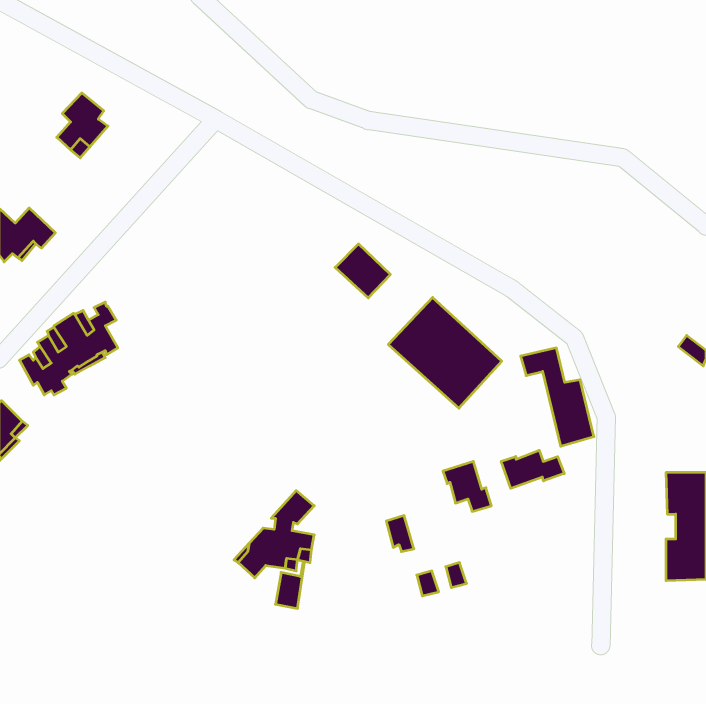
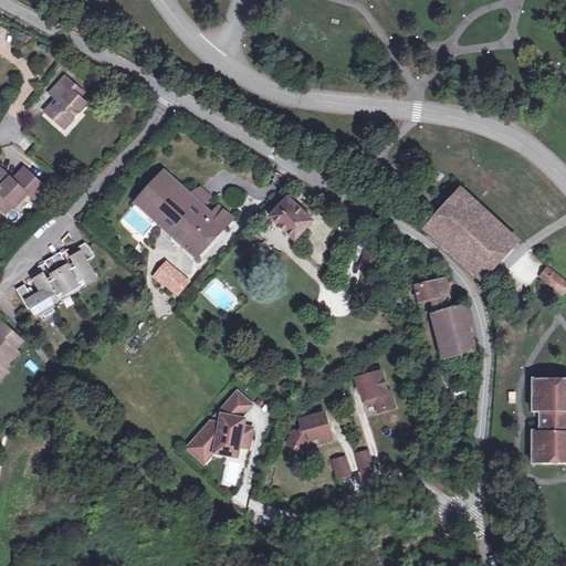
building: none -> [134,168,231,256]
building: [388,297,502,408] -> [424,189,515,277]
building: none -> [151,260,187,292]
building: [501,450,564,488] -> none
building: none -> [286,416,314,449]

